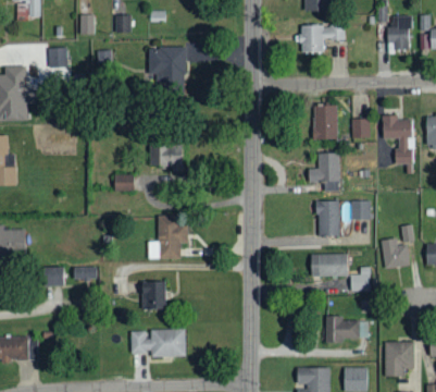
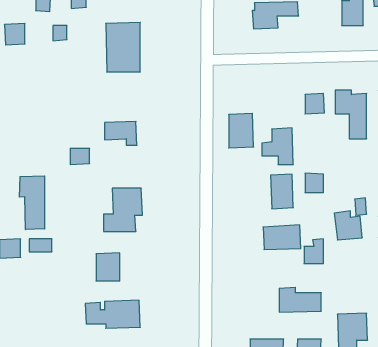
building: [313,106,338,140] -> [229,113,254,148]
building: none -> [19,176,45,230]

